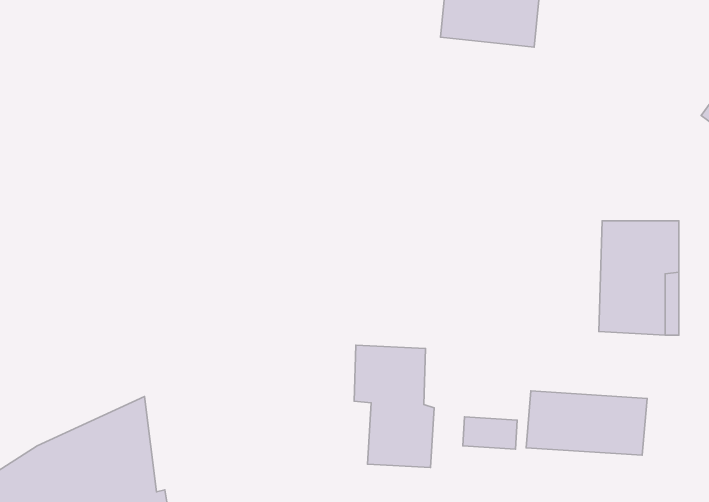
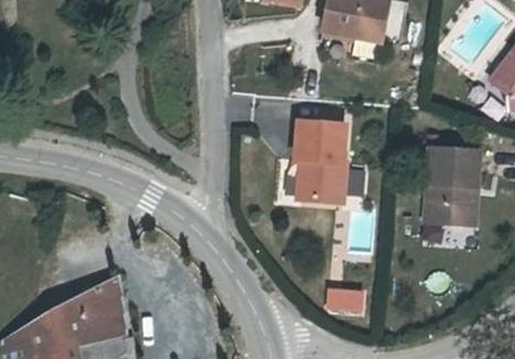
building: [354,345,434,468] -> [296,131,349,211]
building: [526,391,647,455] -> none

